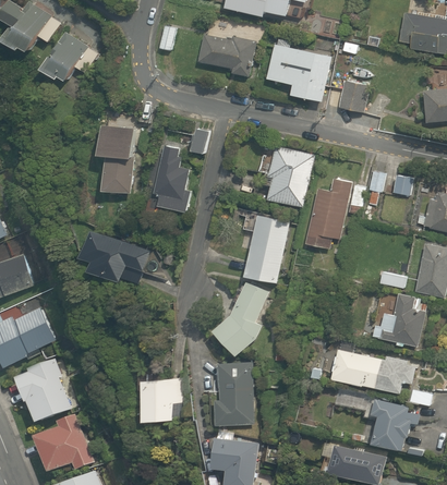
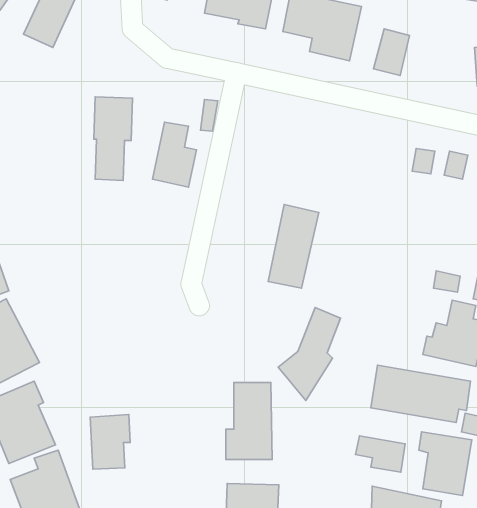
building: [268,146,315,207] -> none
building: [304,178,363,252] -> none
building: [86,232,150,283] -> none
building: [216,283,267,360] -> [278,308,341,401]
building: [147,380,180,425] -> [90,415,130,469]
building: none -> [356,436,405,472]

